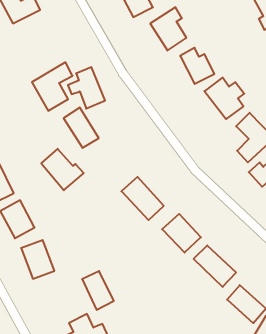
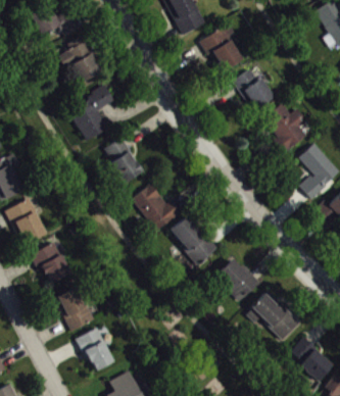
building: [68,67,105,109] -> [58,35,100,82]
building: [41,149,84,190] -> [132,184,180,231]
building: [82,271,114,310] -> [78,328,113,372]

